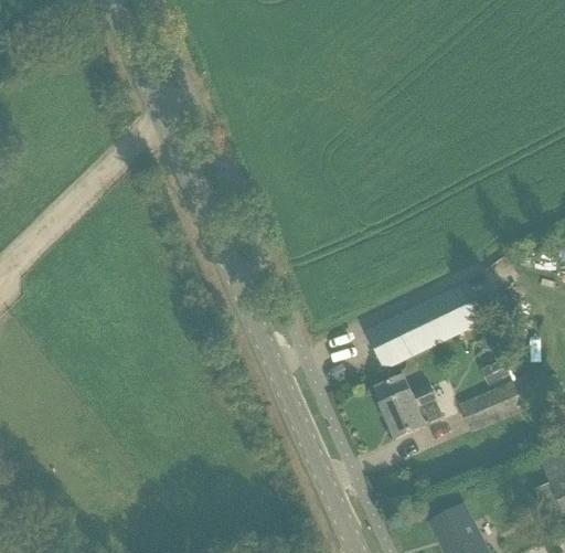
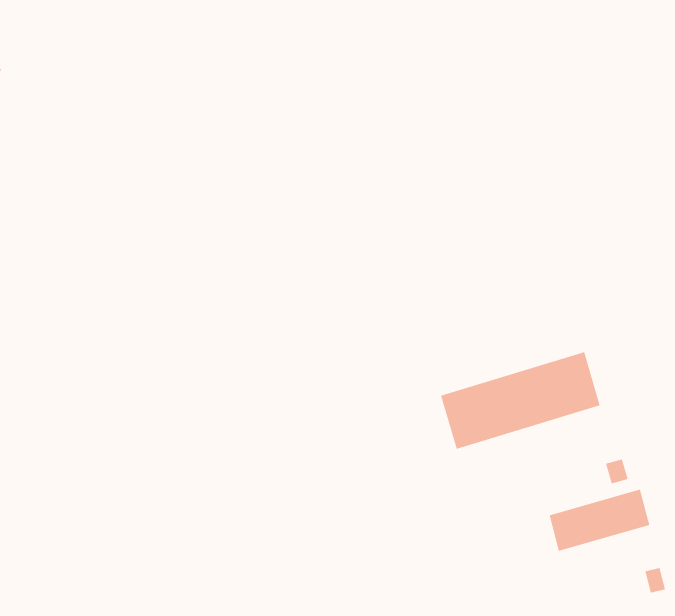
building: [374,375,441,439] -> none

